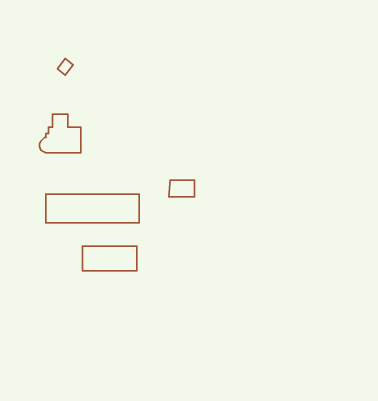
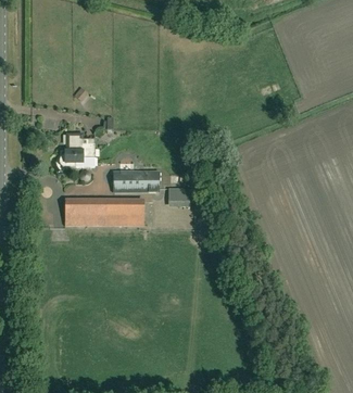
building: [82,246,137,271] -> [112,170,157,191]

